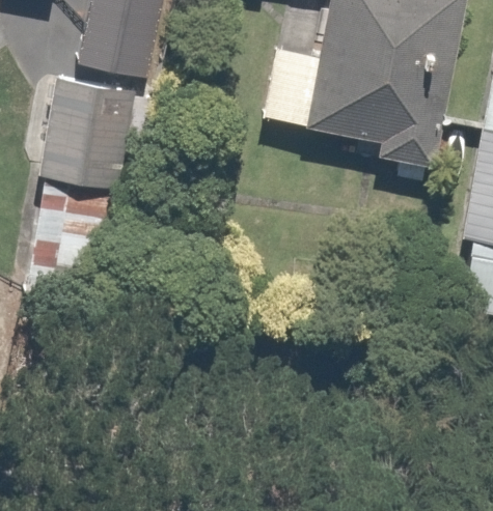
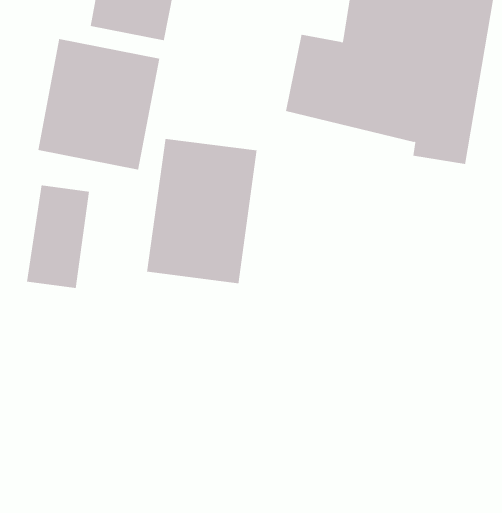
building: none -> [147,138,257,284]

